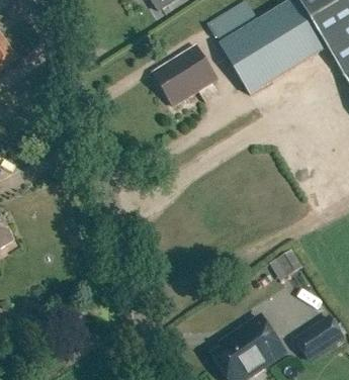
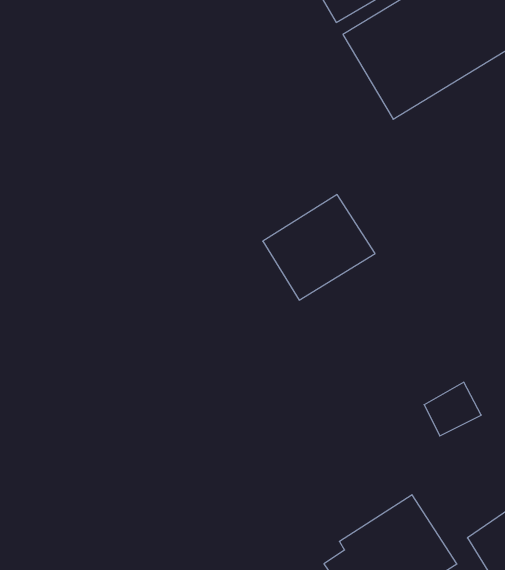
building: [153,43,219,105] -> [263,195,375,300]

